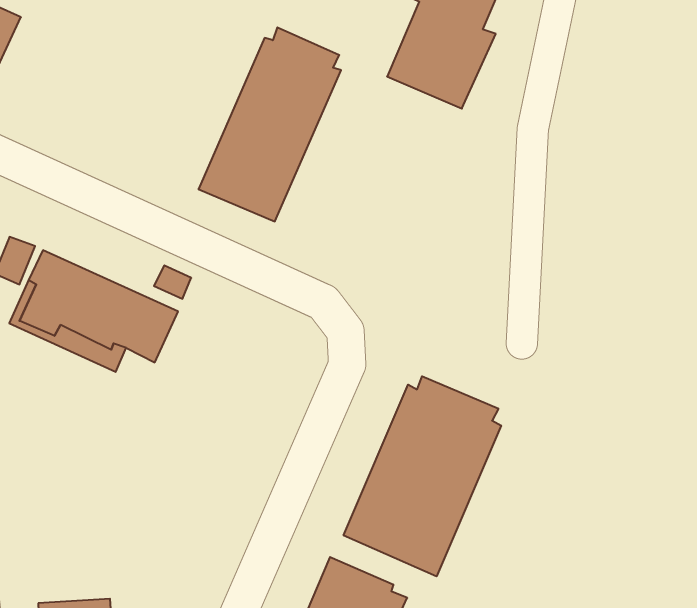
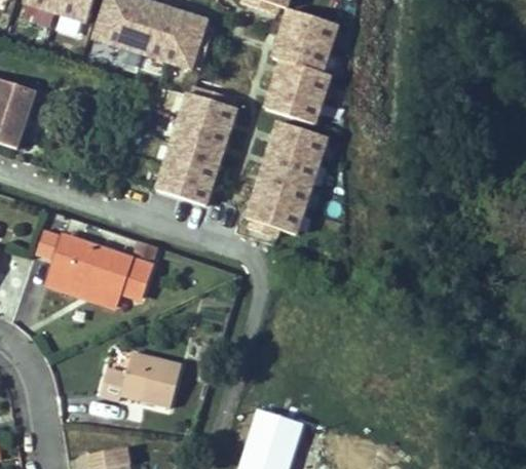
building: none -> [247,121,327,237]
building: [344,376,501,576] -> none
building: none -> [99,352,181,408]

